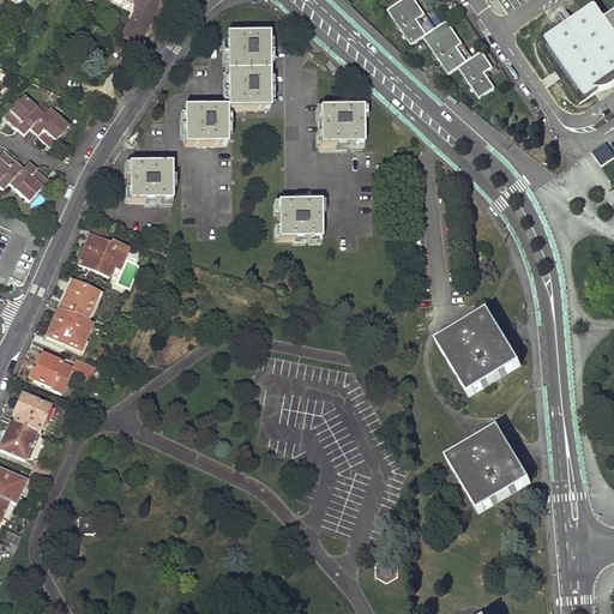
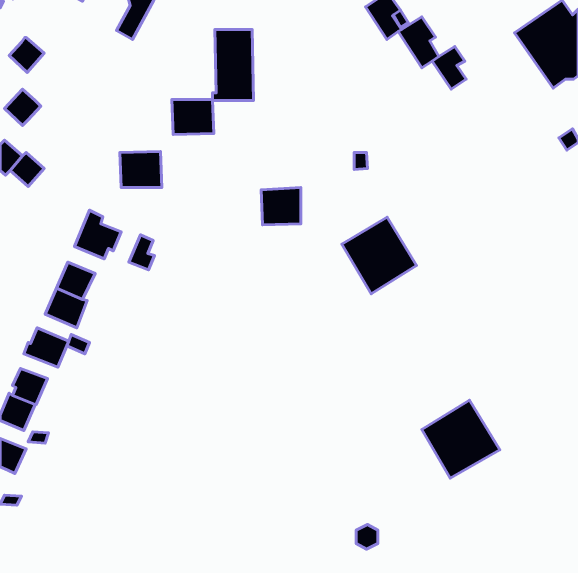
building: [318,106,361,143] -> none
building: [30,108,67,145] -> [9,38,44,73]
building: none -> [129,235,155,270]
building: [437,309,516,391] -> [342,217,417,294]

